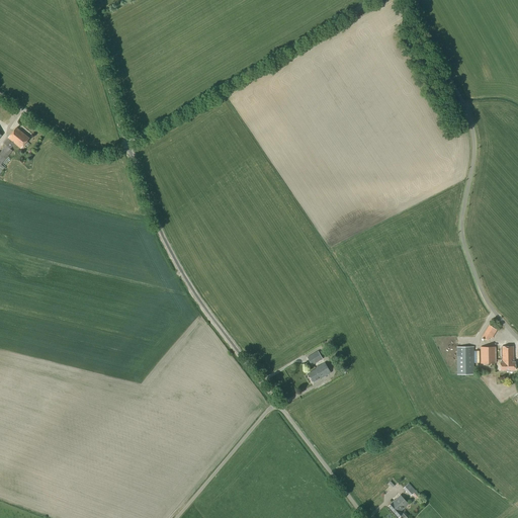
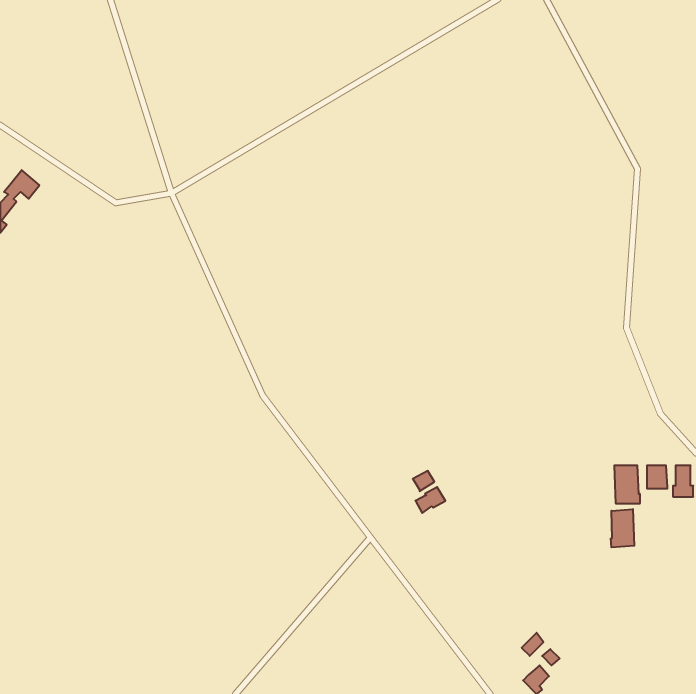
building: none -> [611,509,634,547]

